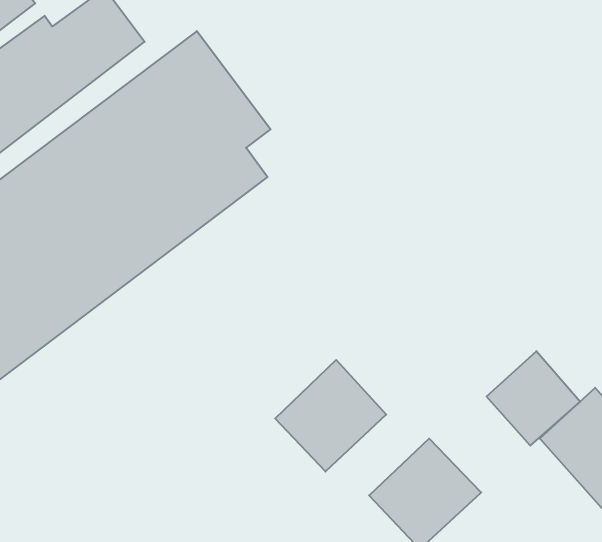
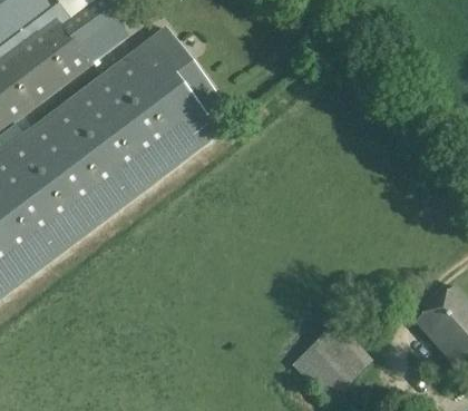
building: [487,351,580,446] -> none
building: [275,360,386,472] -> none

